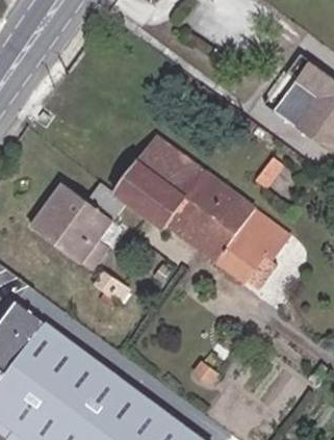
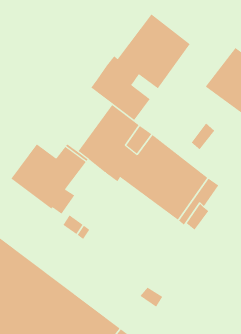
building: none -> [91,13,190,121]

